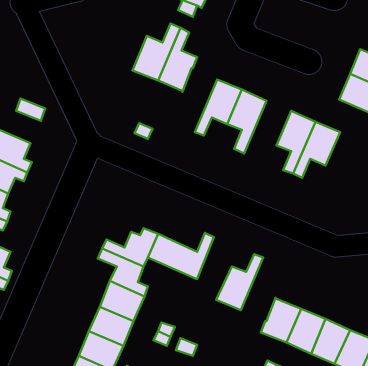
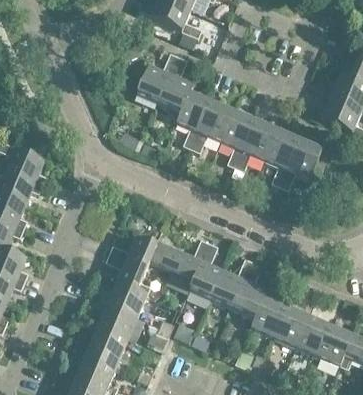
building: none -> [177,93,213,150]
building: none -> [237,122,279,172]
building: none -> [190,244,226,300]
building: none -> [234,262,270,319]

